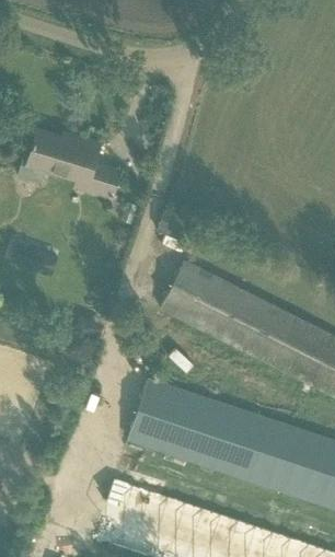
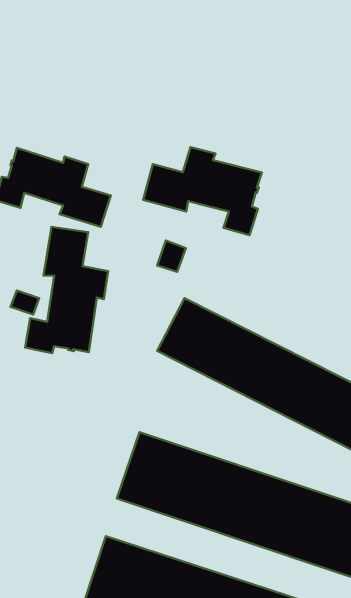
building: none -> [143,147,262,235]
building: none -> [25,227,108,353]

